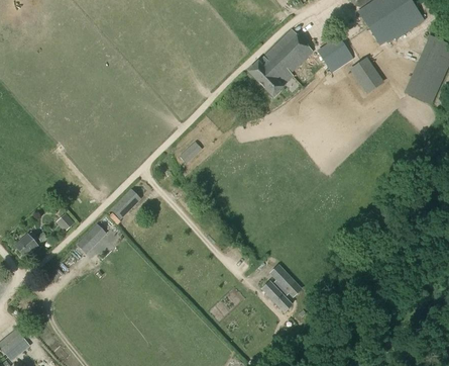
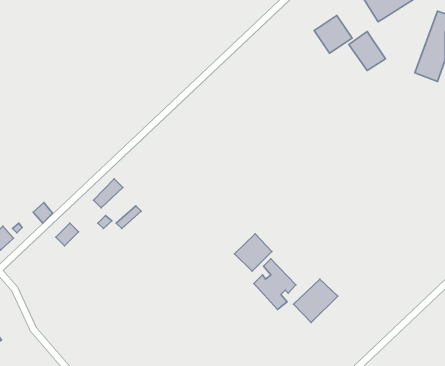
building: [247,28,313,96] -> none
building: none -> [234,234,272,271]
building: none -> [294,279,338,323]

